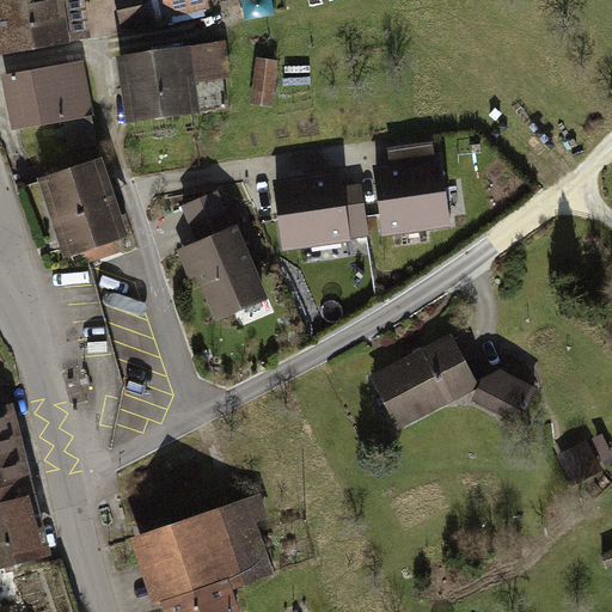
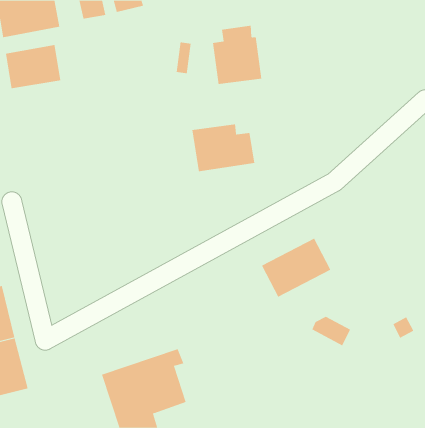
building: [122,43,225,121] -> none
building: [374,146,446,231] -> [212,25,262,85]
building: [44,164,116,252] -> none
building: [188,209,258,311] -> none
building: [477,372,533,415] -> [312,316,351,346]

